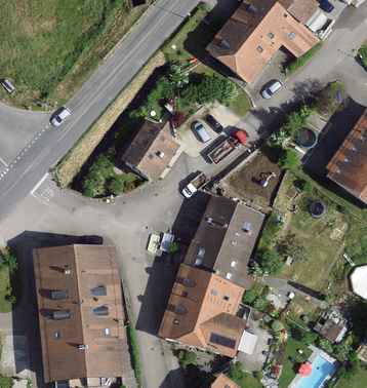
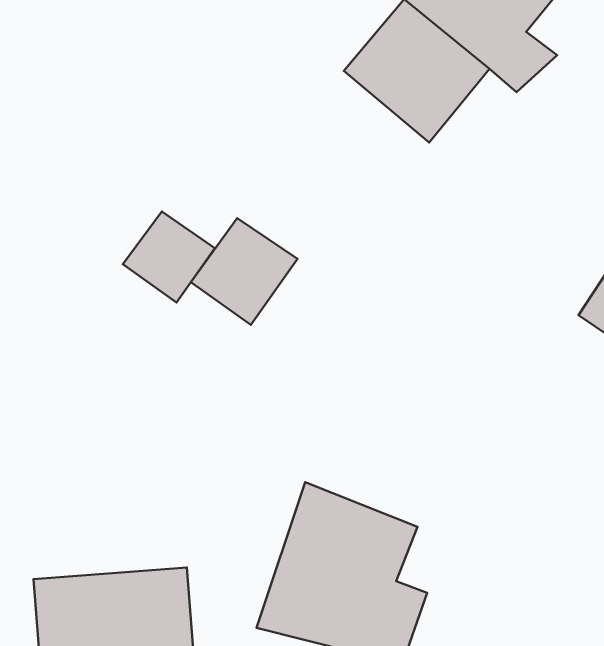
building: none -> [123,211,215,302]
building: [184,194,261,286] -> none
building: [36,242,121,314] -> none

